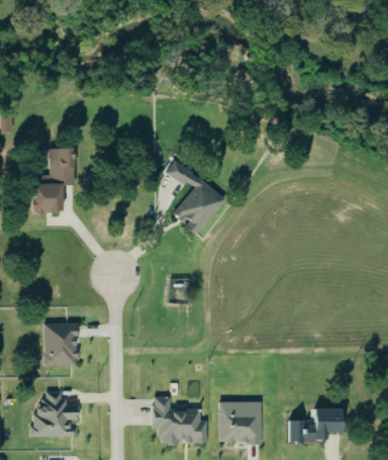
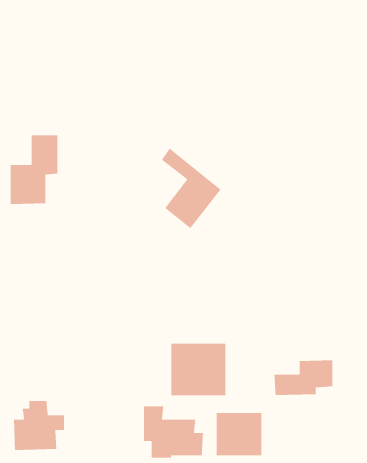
building: [44,323,79,366] -> none
building: none -> [171,343,226,396]
building: [287,408,342,442] -> [274,359,333,396]

